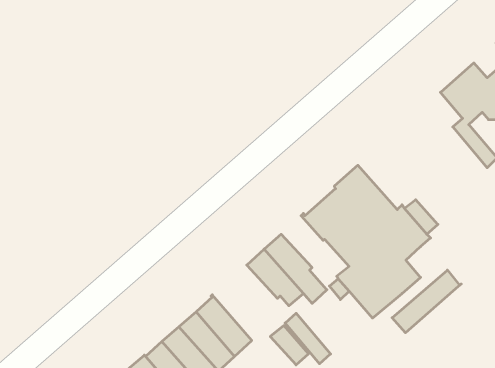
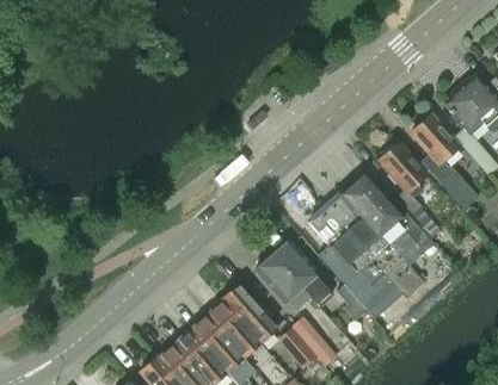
building: none -> [411,116,477,210]
building: none -> [379,144,425,198]
building: [392,270,461,333] -> none
building: none -> [221,285,276,343]

